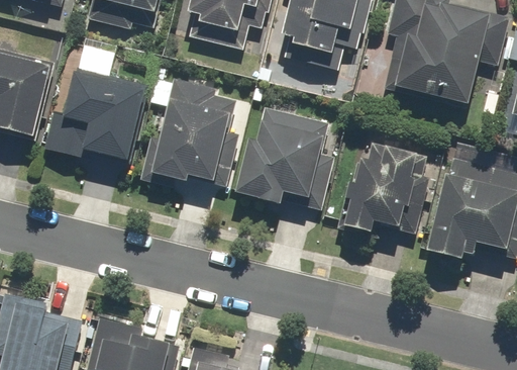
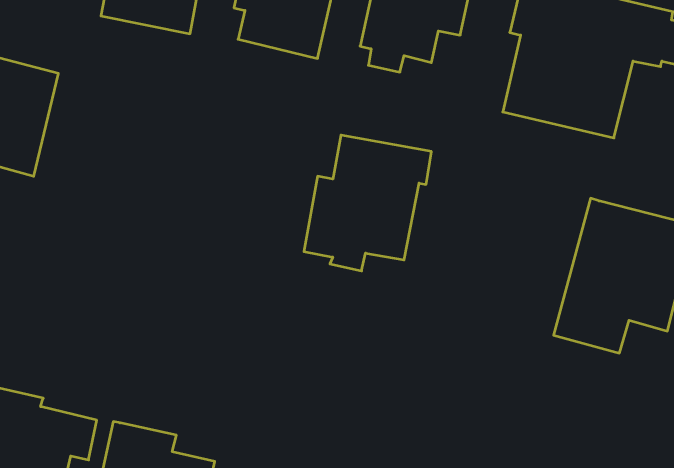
building: [46,43,148,163] -> none
building: [141,78,238,188] -> none
building: [339,143,418,234] -> none

